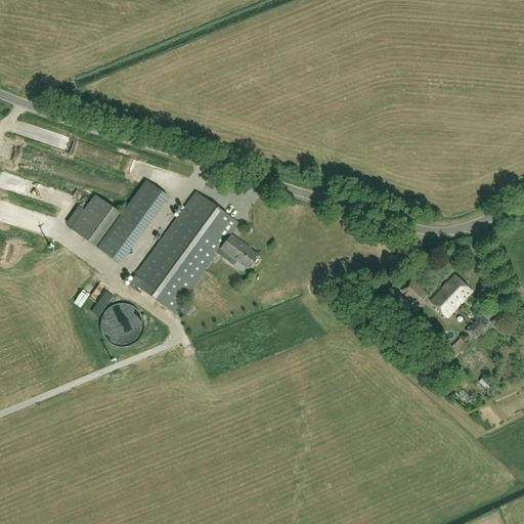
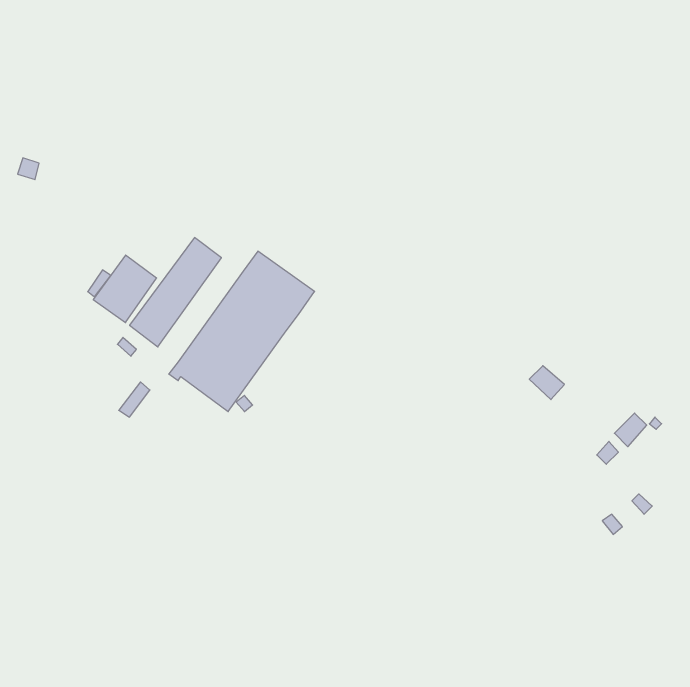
building: [217,238,257,265] -> none
building: [431,273,472,315] -> none
building: [100,304,140,343] -> none

